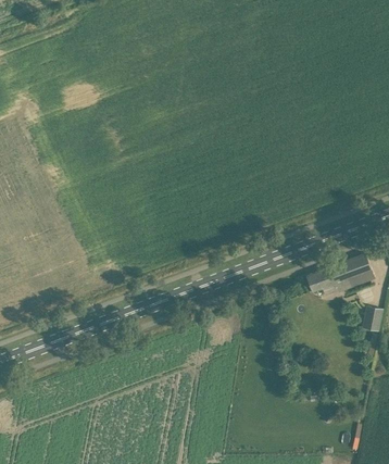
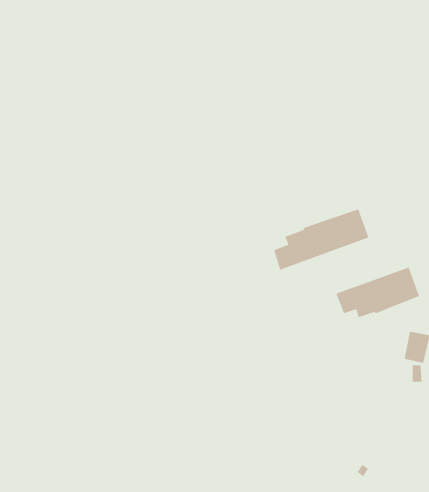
building: none -> [273,209,369,270]

